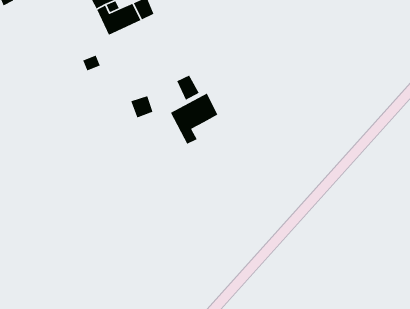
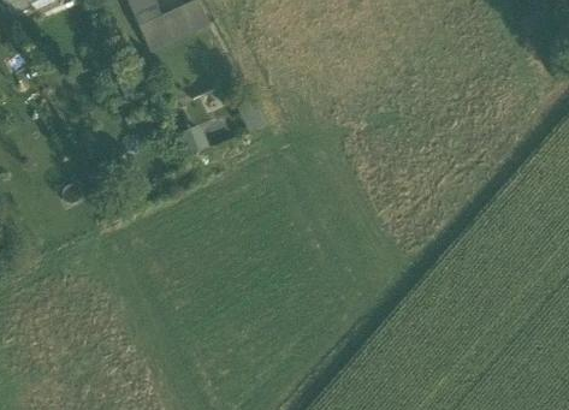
building: [170,92,219,145] -> none

